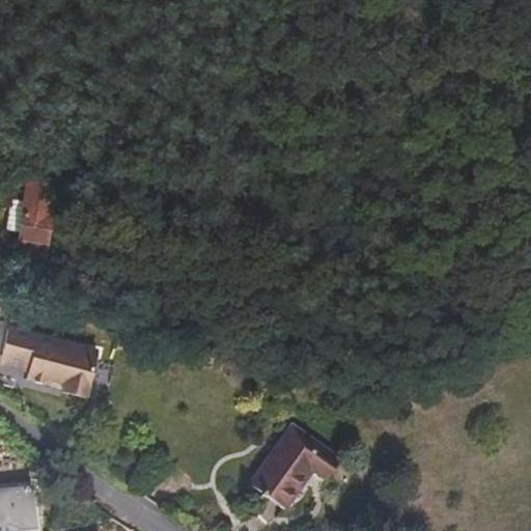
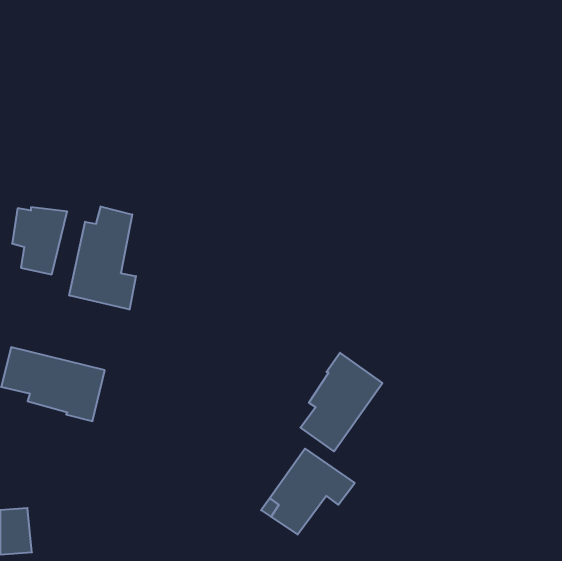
building: none -> [69,206,136,310]
building: none -> [300,353,382,451]

